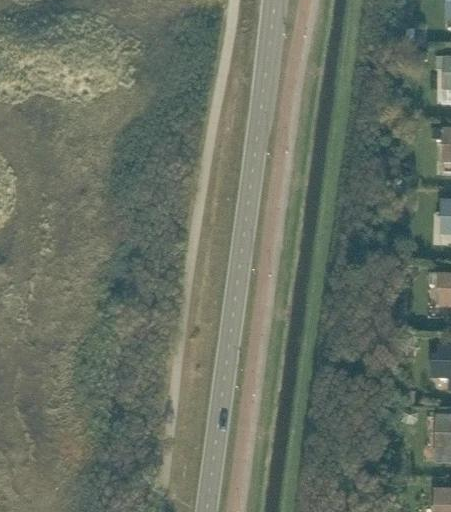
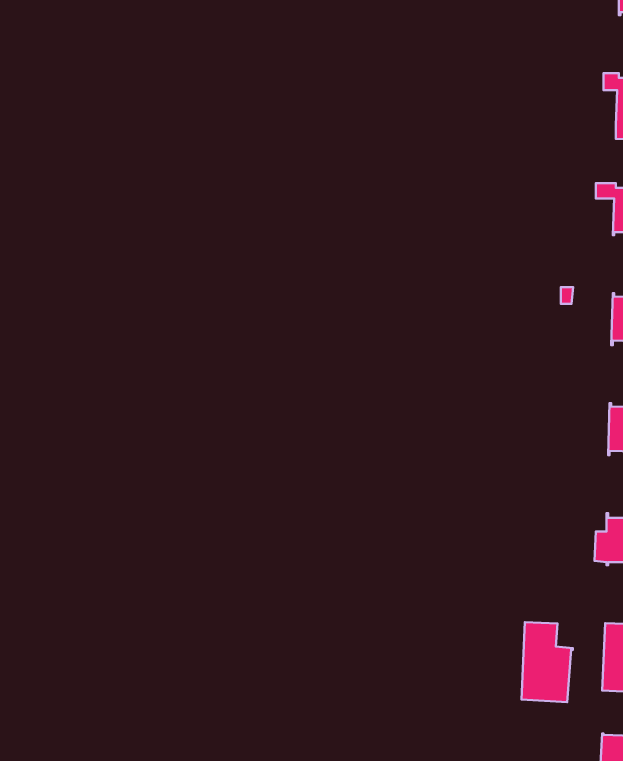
building: none -> [521,622,573,702]

